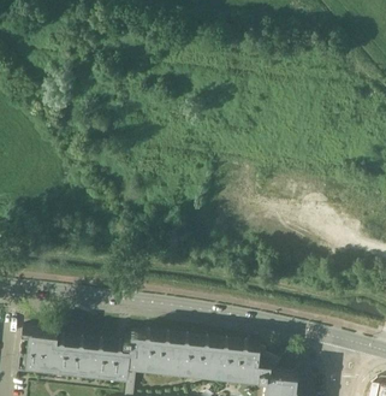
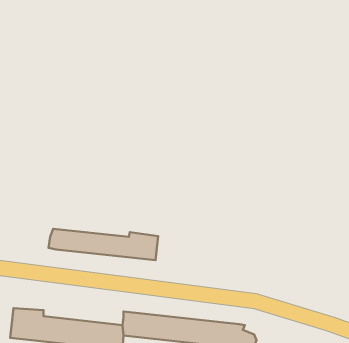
building: none -> [49,229,158,260]

